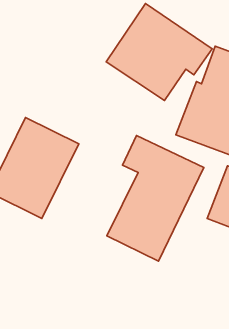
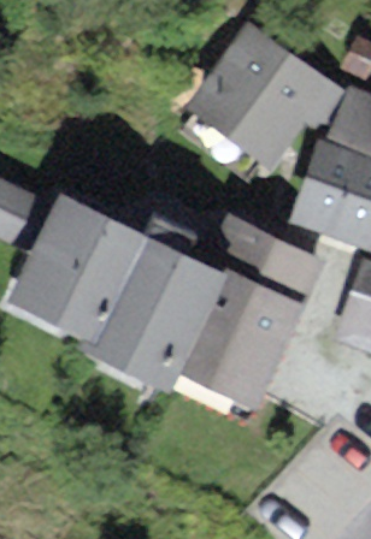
building: none -> [92,232,232,384]

